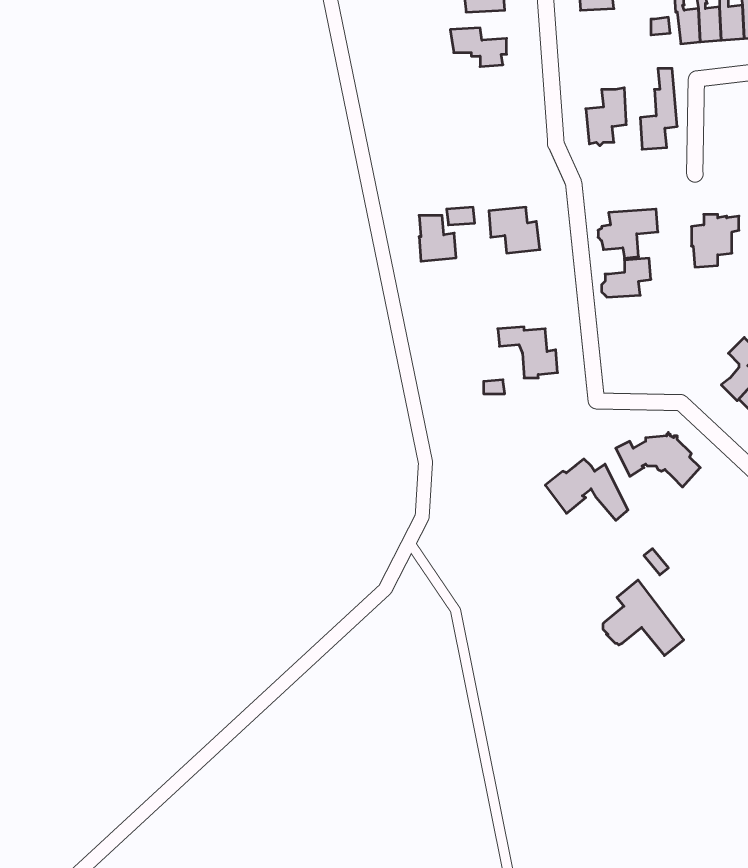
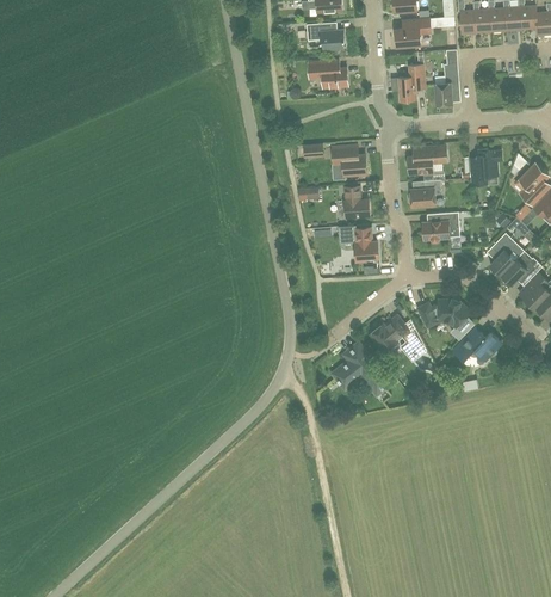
building: none -> [395,18,429,45]
building: none -> [308,60,347,87]
building: [419,215,456,261] -> [343,186,369,217]
building: none -> [422,211,459,241]
building: none -> [452,327,501,361]
building: [603,580,684,656] -> [334,343,389,394]

